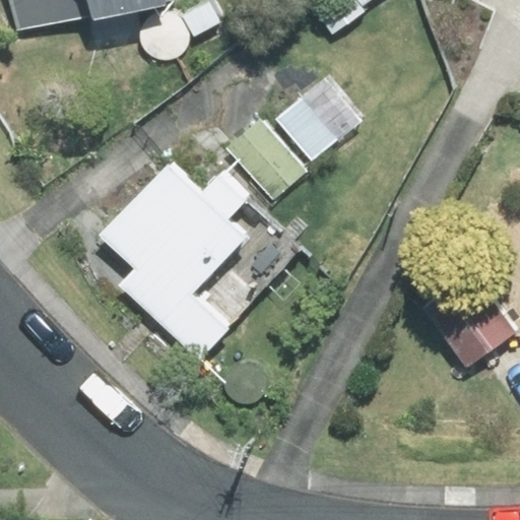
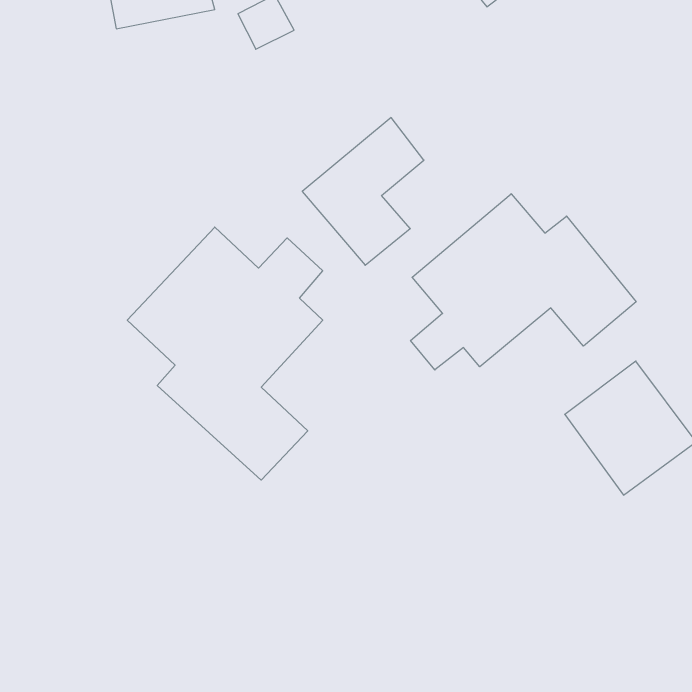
building: none -> [411,194,636,370]

